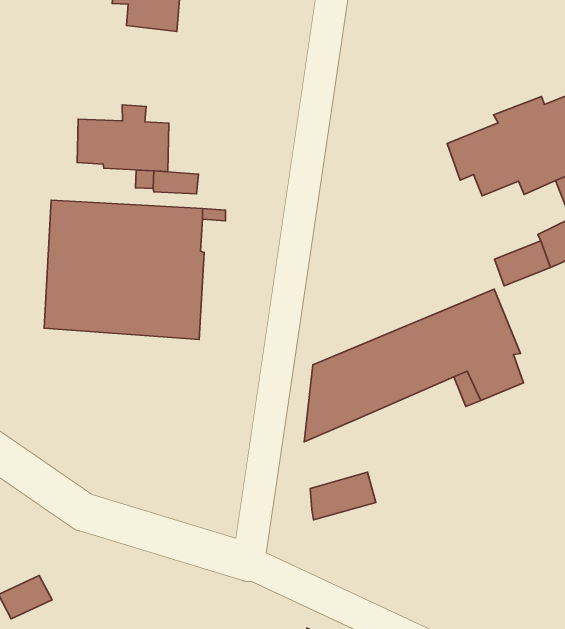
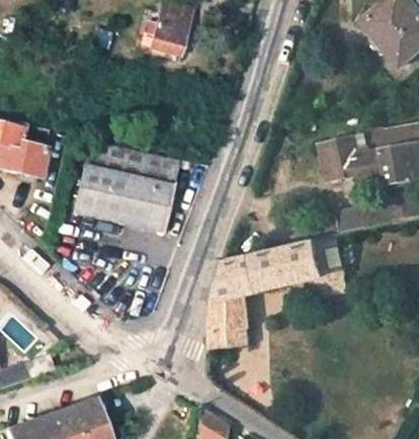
building: [77,105,169,172] -> none
building: none -> [213,294,251,330]

